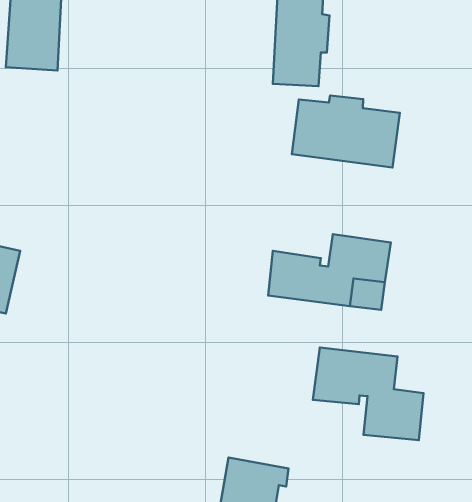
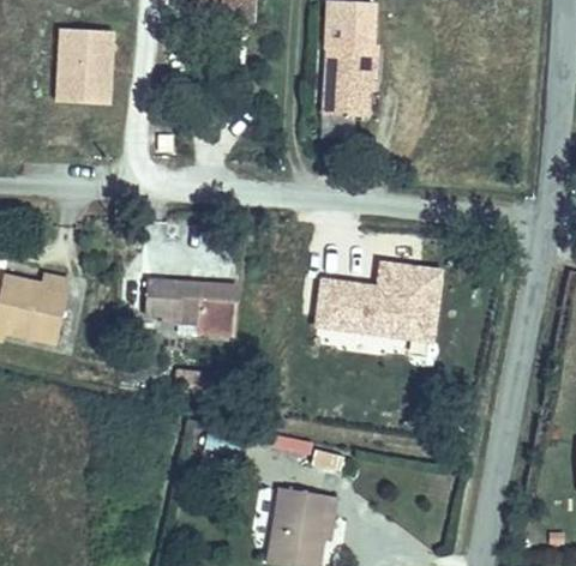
building: [292,95,400,168] -> none
building: none -> [144,279,238,342]
building: [313,347,423,440] -> none

